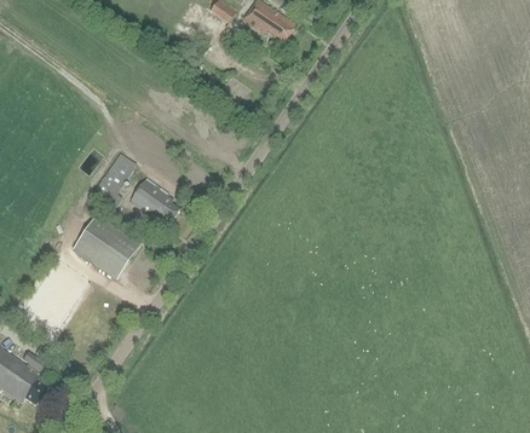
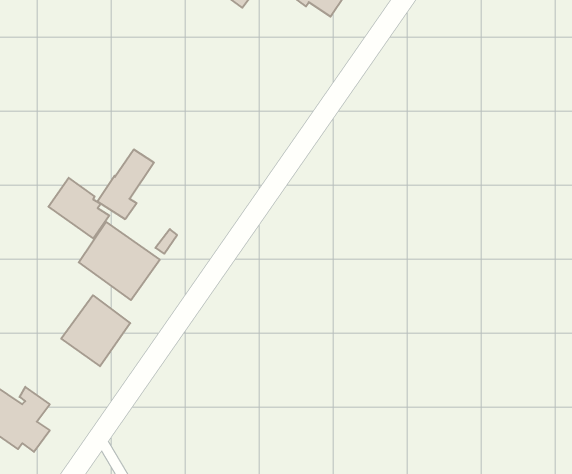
building: [129,177,180,227] -> [48,178,109,239]
building: none -> [61,295,130,366]

